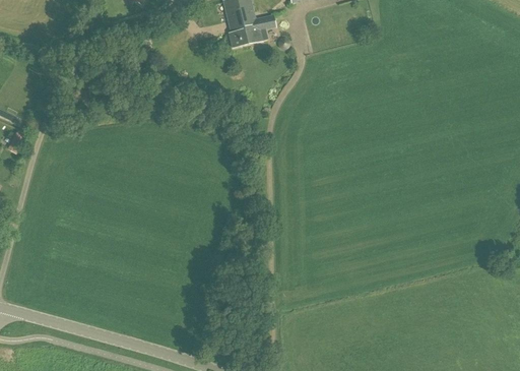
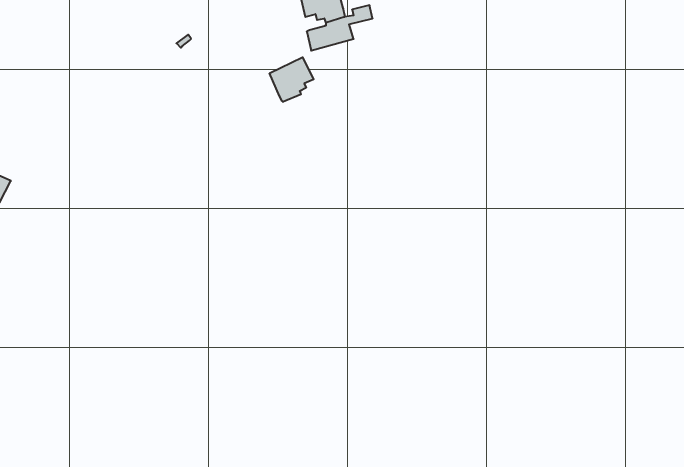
building: none -> [270,57,314,102]

